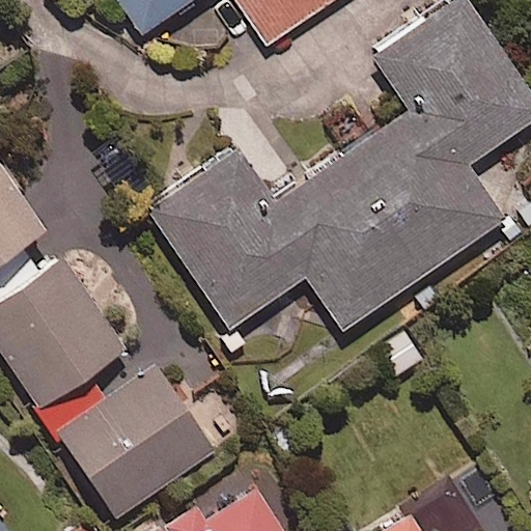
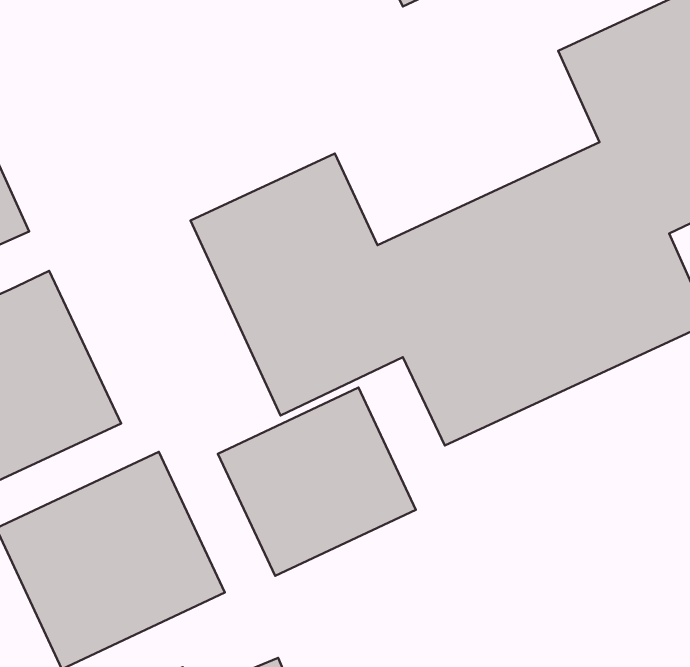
building: none -> [218,388,416,576]

